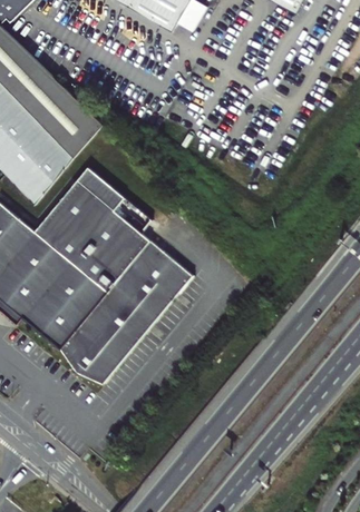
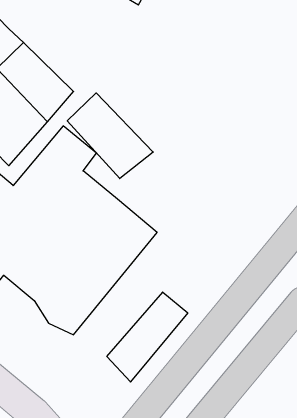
building: none -> [67,93,153,179]
building: none -> [107,292,188,382]

